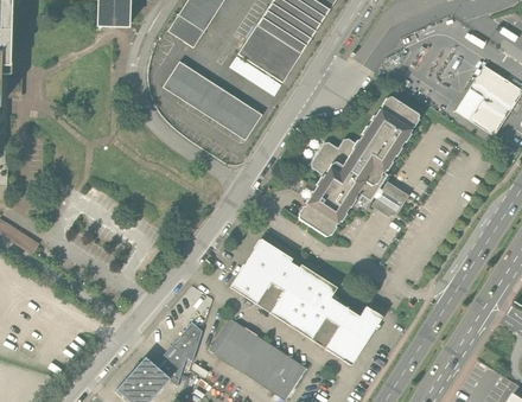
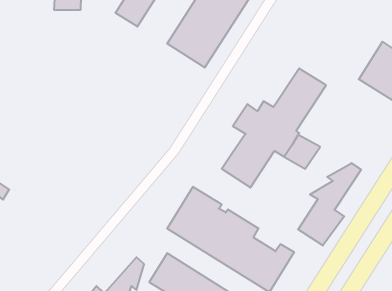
building: [163,63,261,141] -> none
building: none -> [298,163,361,246]

